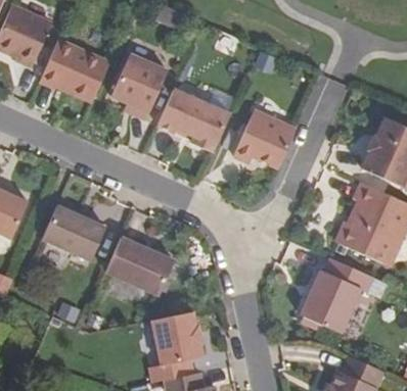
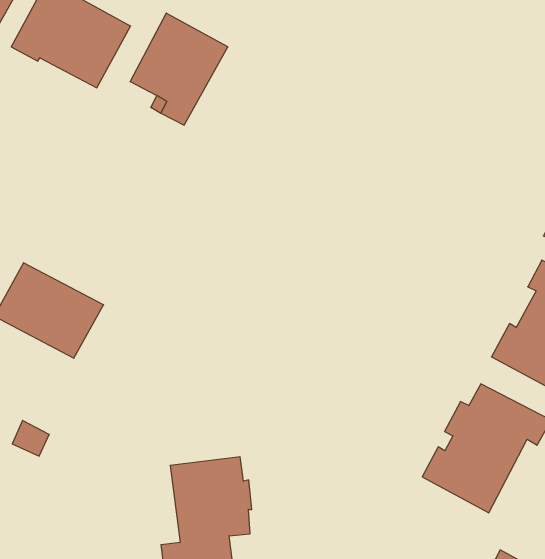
building: [157,89,230,151] -> none
building: [233,109,296,166] -> none
building: [104,237,174,296] -> none

